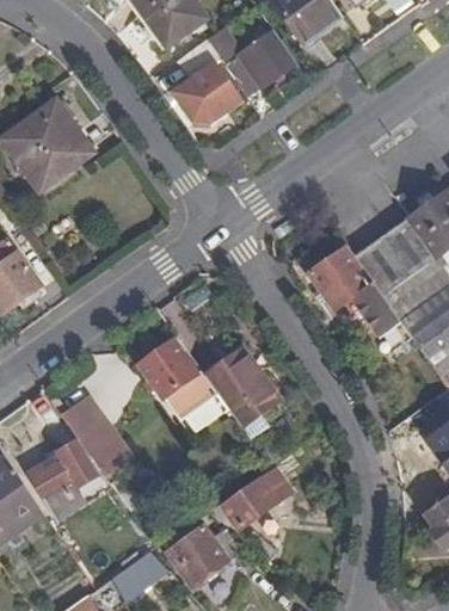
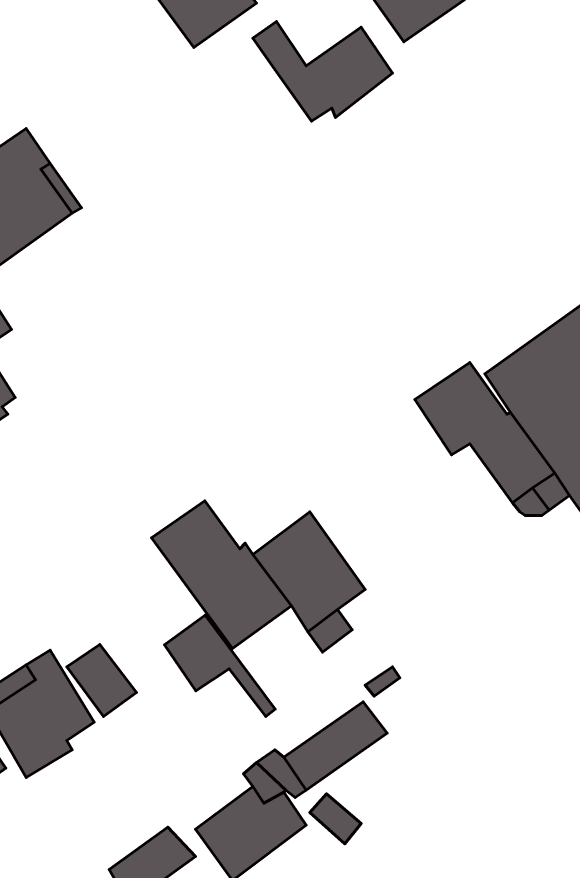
building: [172,39,238,123] -> none
building: [62,397,134,463] -> [165,615,275,717]

